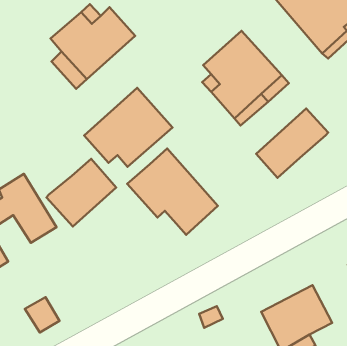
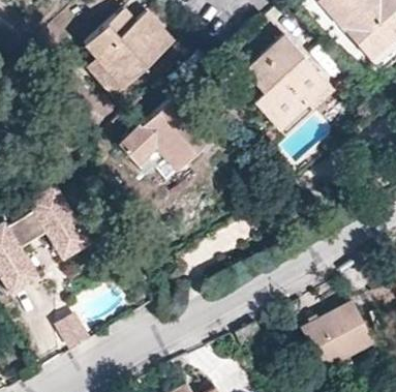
building: [256,108,328,178] -> none
building: [127,149,218,235] -> none
building: [47,159,116,226] -> none

